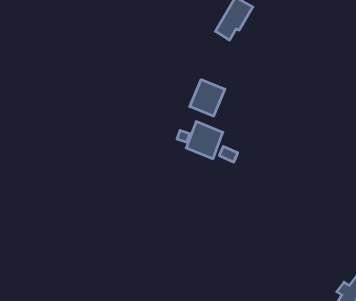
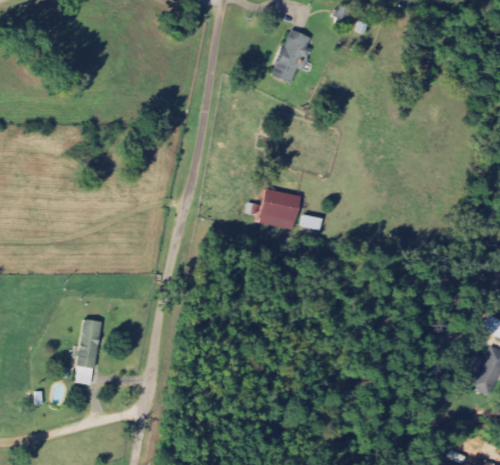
building: [190,80,225,116] -> none
building: none -> [75,318,102,384]

